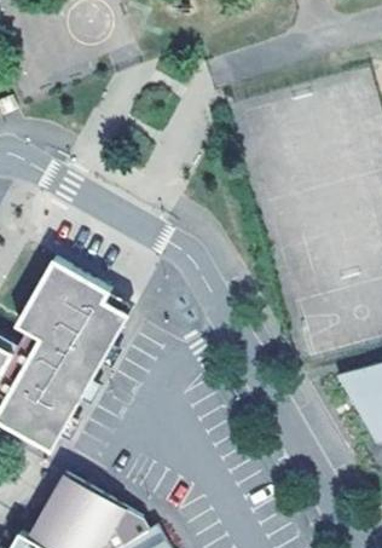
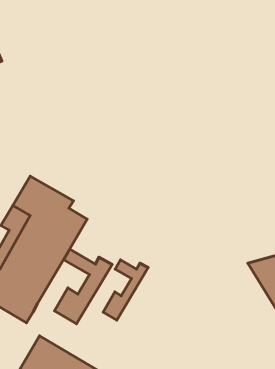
building: none -> [55,249,112,324]
building: none -> [103,260,148,320]

